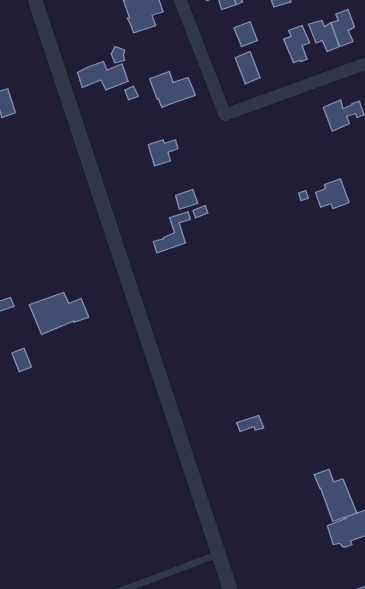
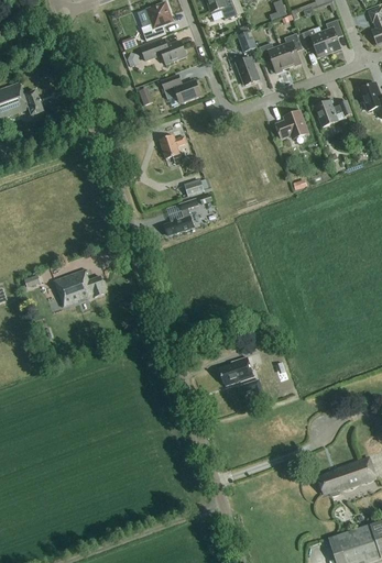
building: none -> [260,42,288,73]
building: [77,61,128,90] -> [141,37,186,63]
building: [316,179,349,209] -> [277,111,307,137]
building: none -> [218,355,254,385]
building: [314,469,357,521] -> none

